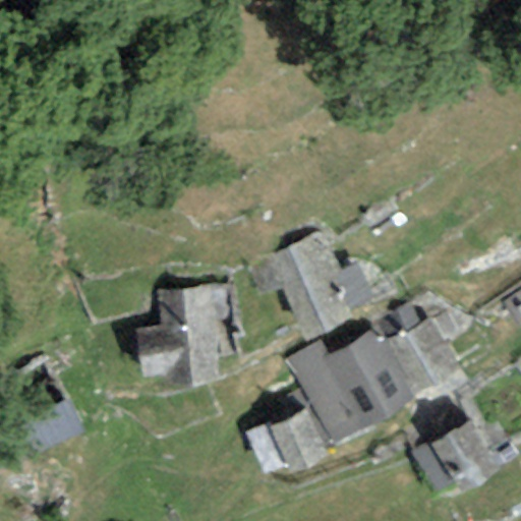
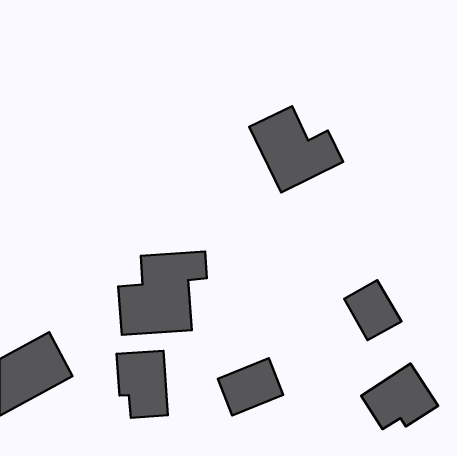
building: [270,235,377,333] -> [249,106,343,192]
building: [288,330,413,441] -> none
building: none -> [116,351,168,418]

